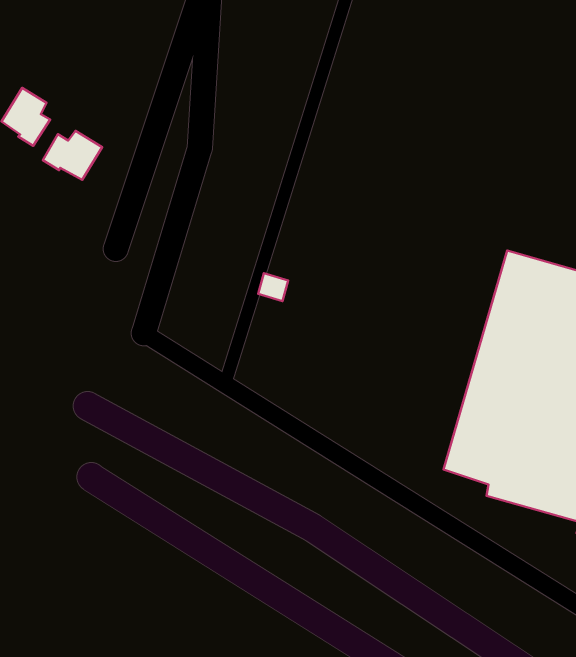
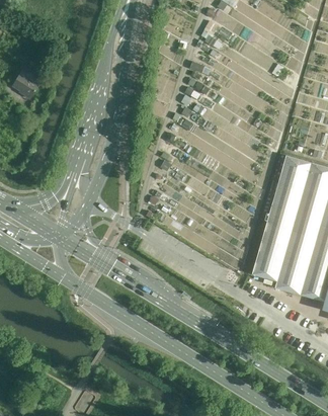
building: [43,131,102,180] -> none

